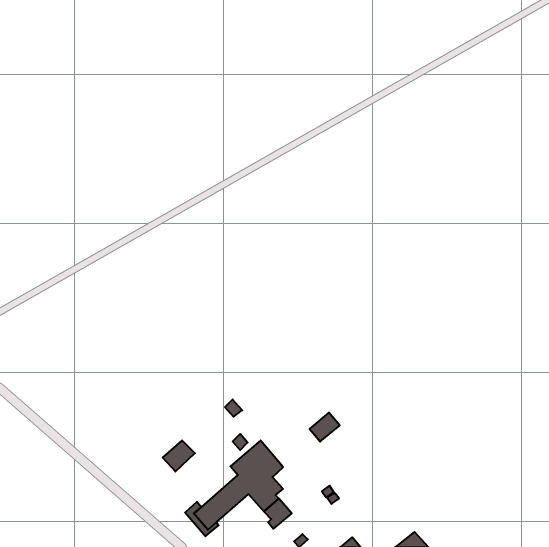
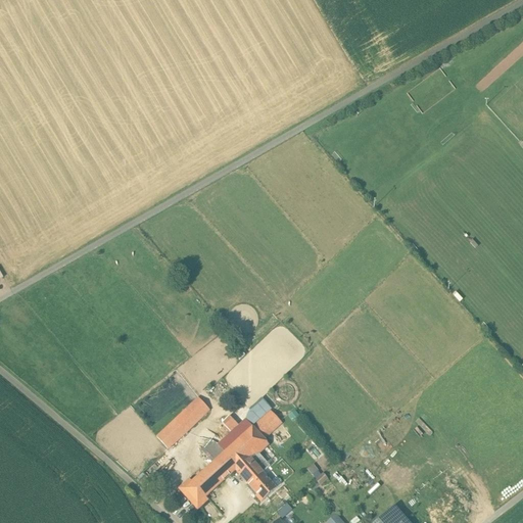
building: [310,413,340,442] -> [253,410,282,437]
building: none -> [174,396,208,430]

